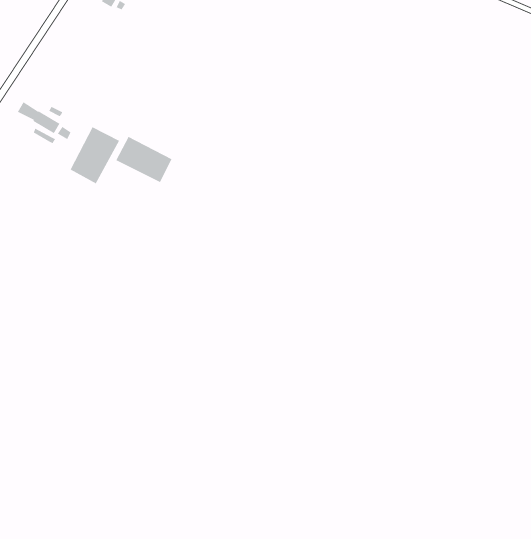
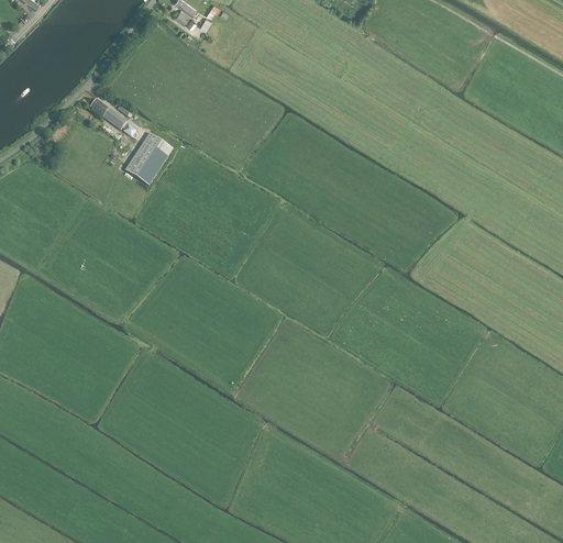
building: [115,136,172,183] -> none

